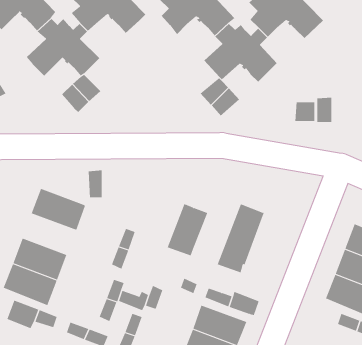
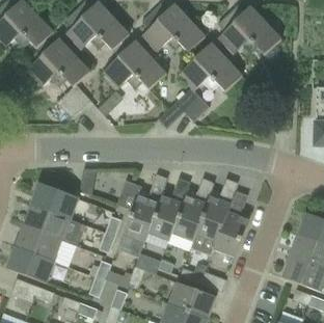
building: none -> [103,38,166,87]
building: none -> [117,181,165,257]
building: none -> [170,187,213,242]
building: none -> [214,195,252,257]
building: none -> [24,204,85,245]

